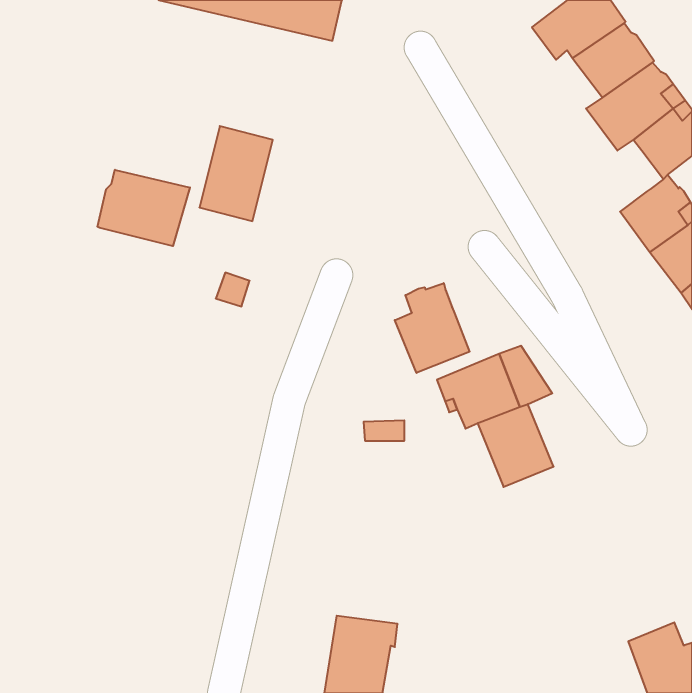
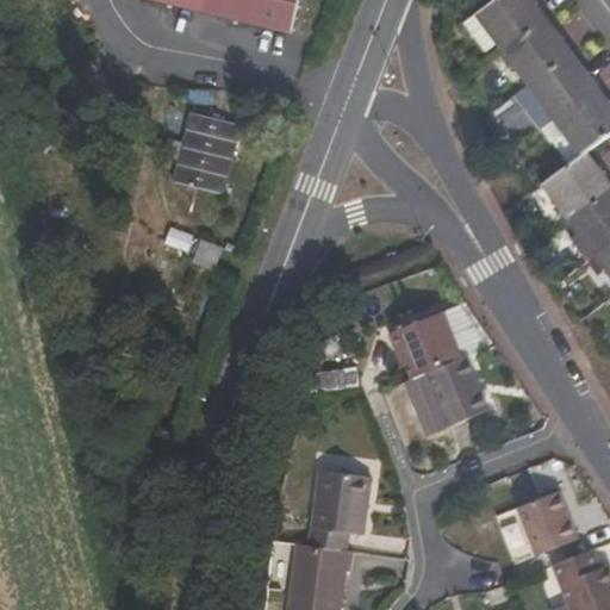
building: [97,170,190,246] -> none
building: [395,283,470,373] -> none
building: none -> [311,467,369,534]
building: none -> [517,492,578,555]

